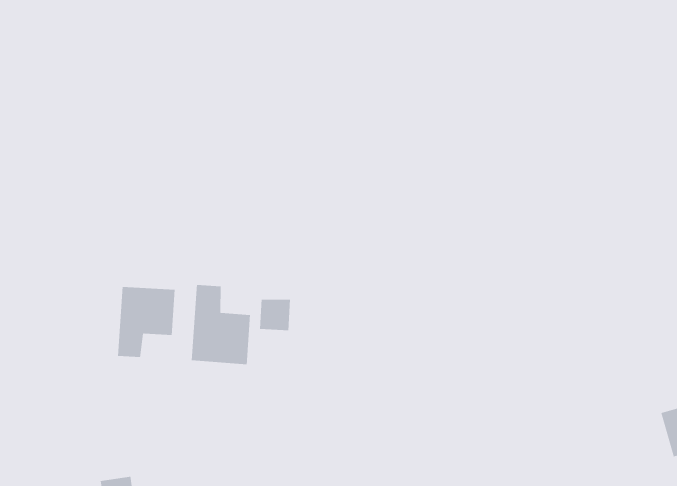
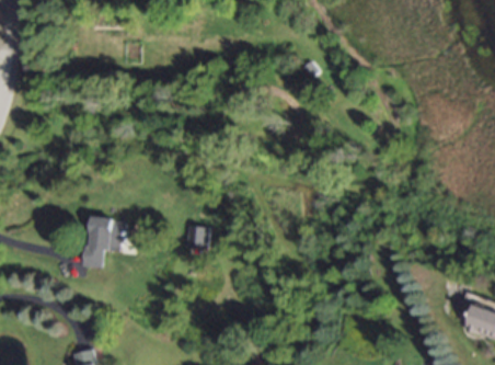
building: [191,284,250,365] -> none

